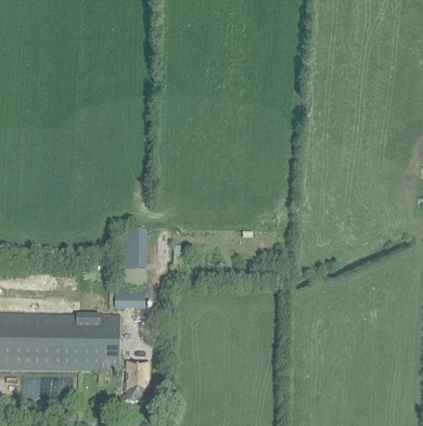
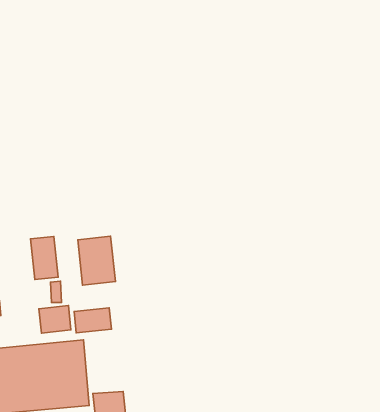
building: none -> [31,236,58,280]
building: none -> [39,306,71,333]

